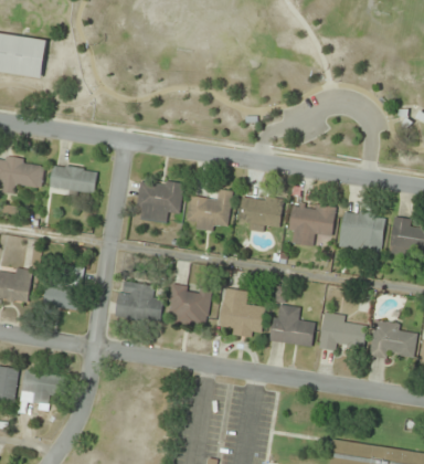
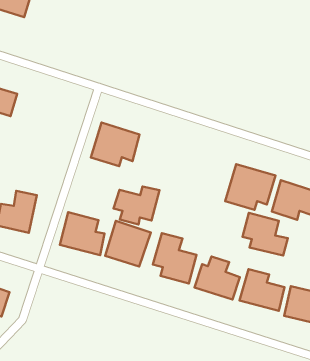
building: [50,164,98,193] -> none
building: [187,189,233,231] -> [114,186,159,225]
building: [239,193,284,233] -> none
building: none -> [242,213,288,256]

